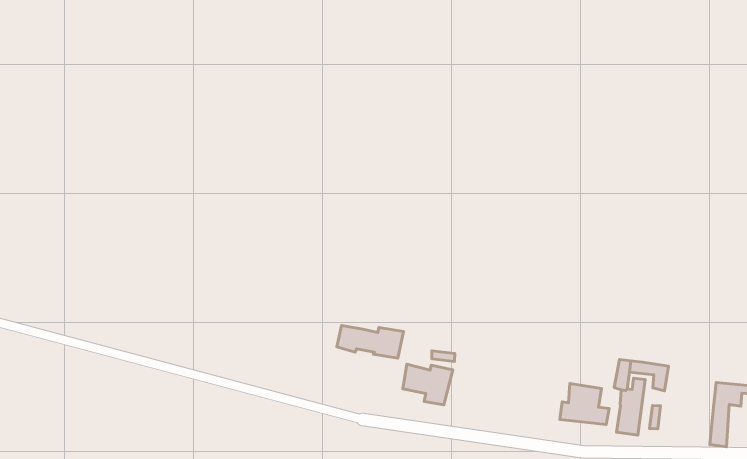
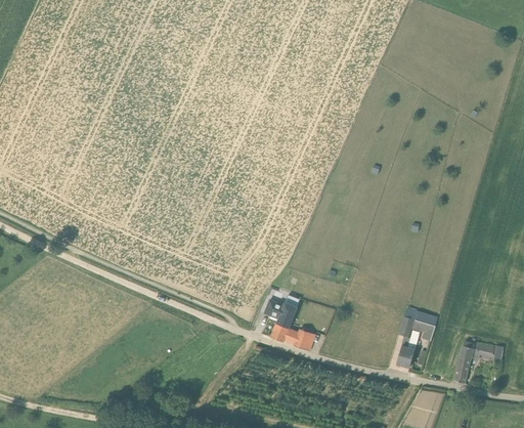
building: [337,325,403,358] -> [271,324,315,350]
building: [560,383,609,424] -> none

